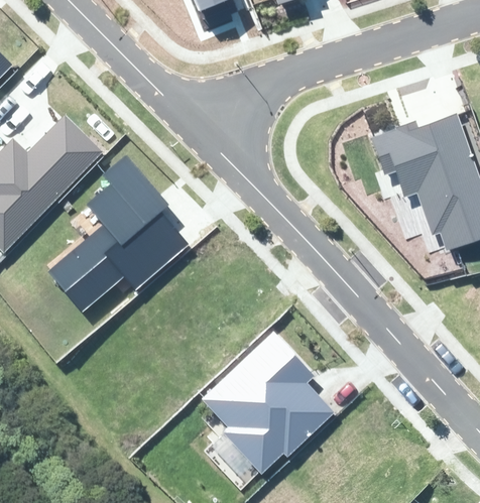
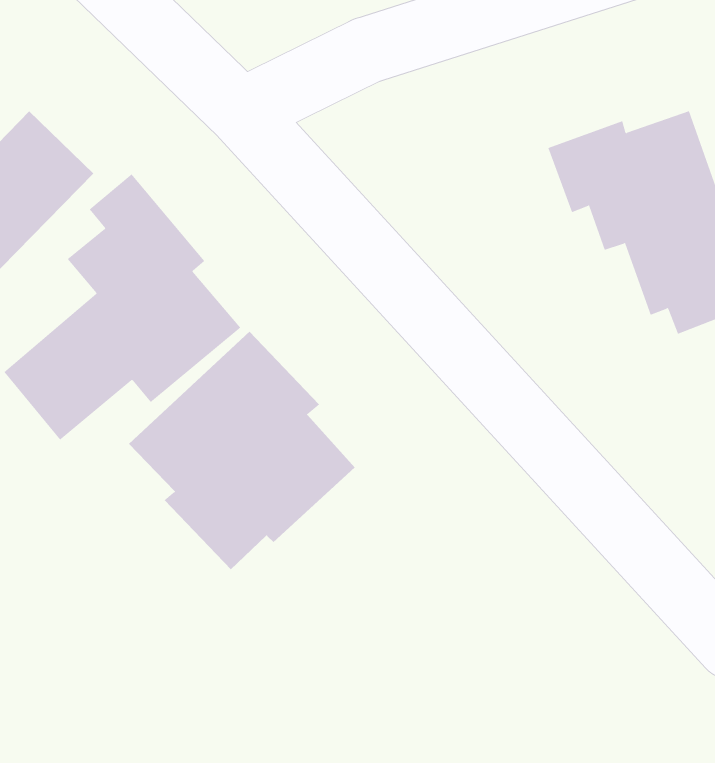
building: [202,333,336,474] -> [128,331,356,570]

